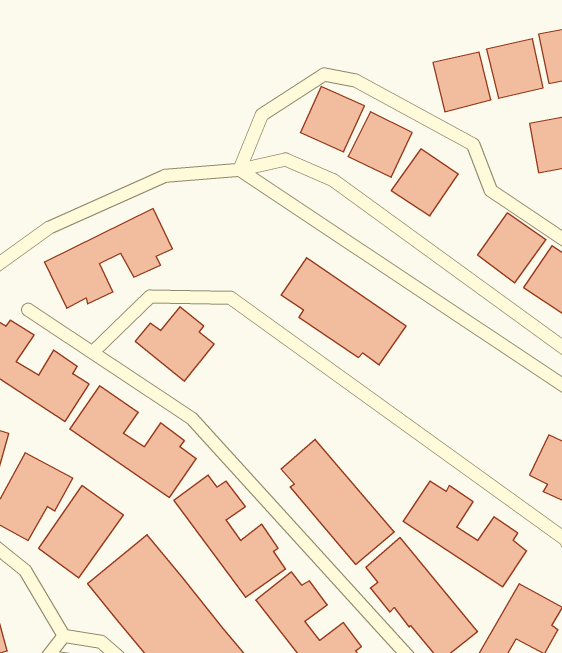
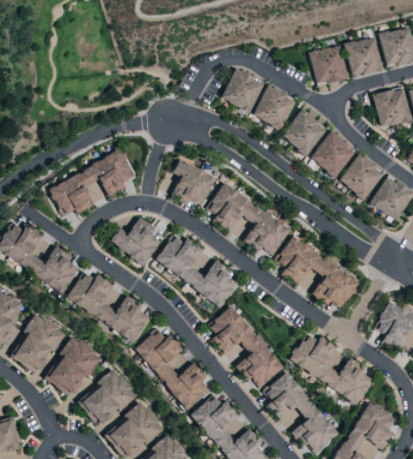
building: none -> [312,132,356,177]
building: none -> [165,159,217,205]
building: none -> [156,234,239,307]
building: none -> [277,238,360,308]

